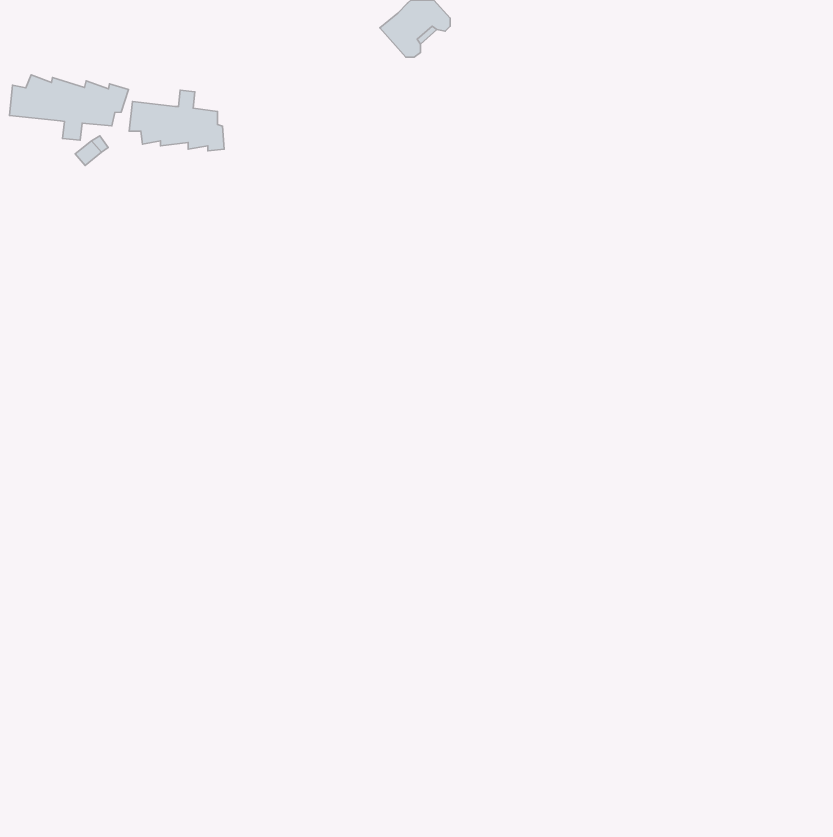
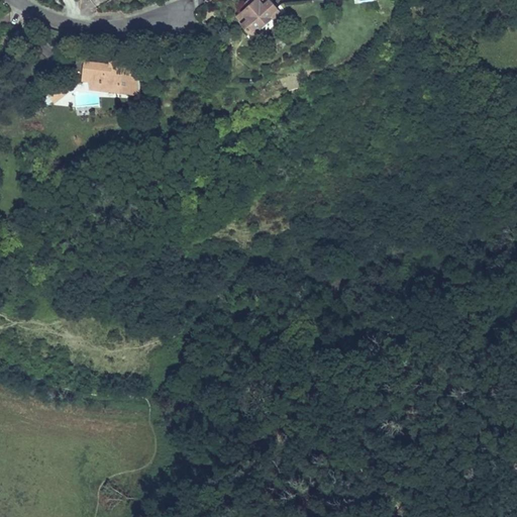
building: [9,75,129,140] -> none

